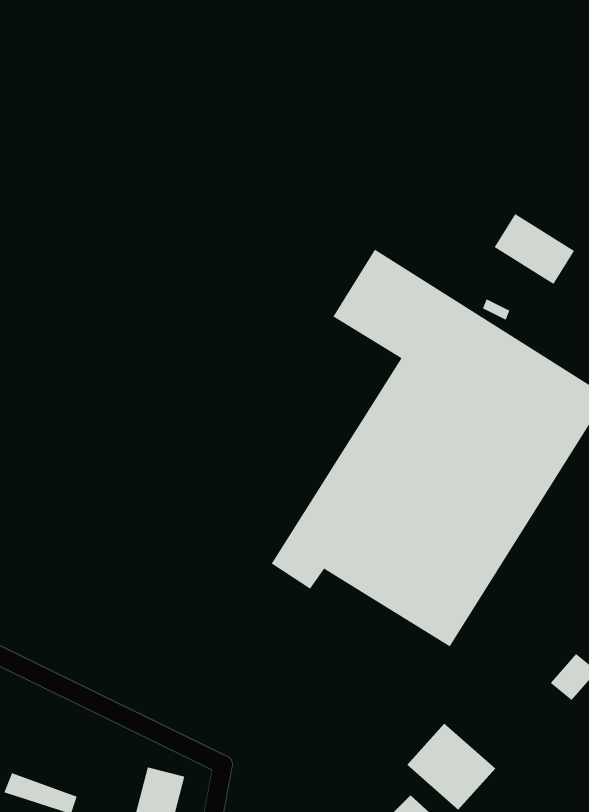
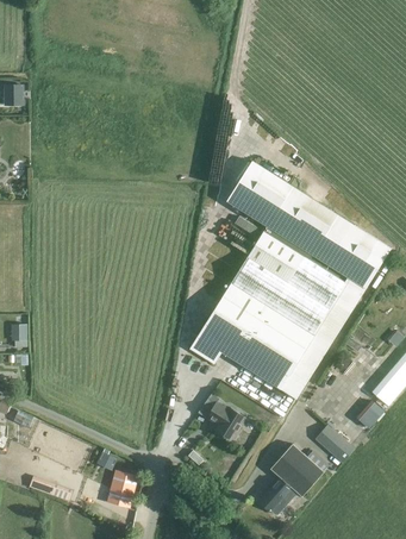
building: [494,213,575,285] -> none
building: none -> [206,402,244,439]
building: none -> [314,424,348,458]

